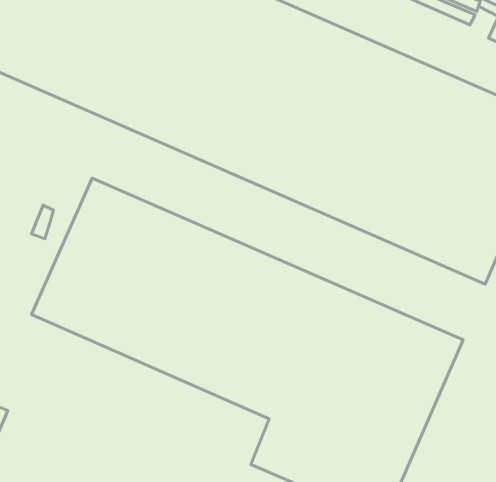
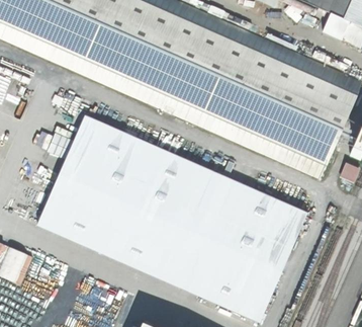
building: none -> [37,197,192,288]

